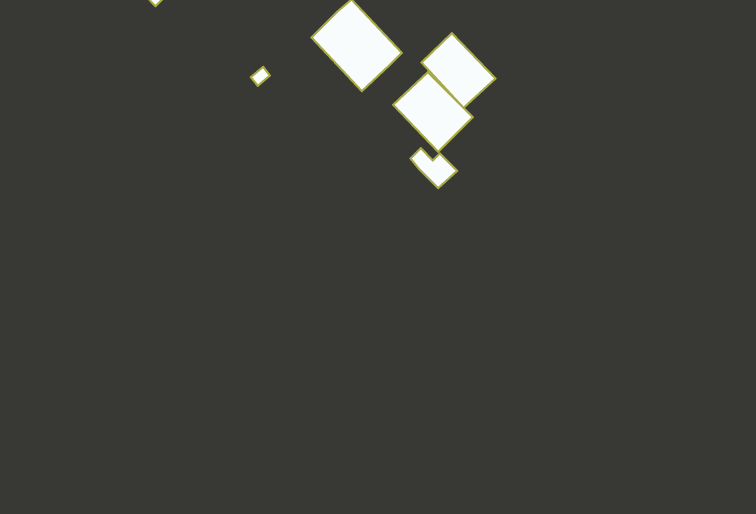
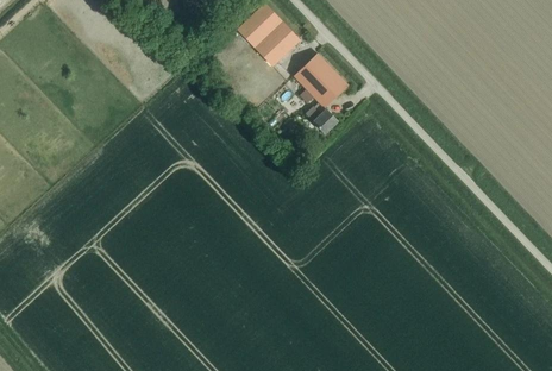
building: [422,33,495,108] -> none

